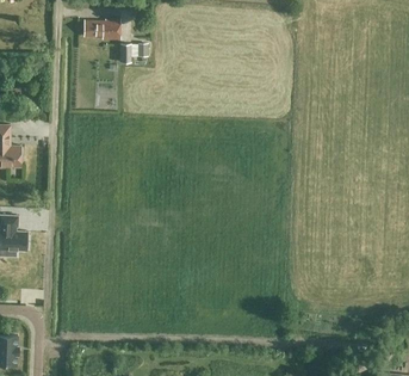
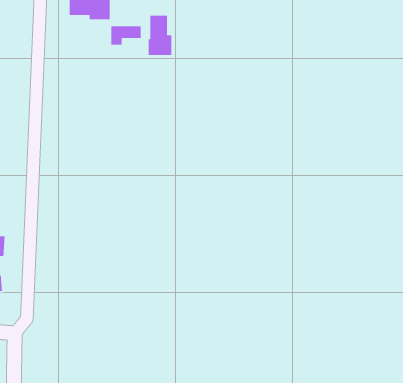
building: none -> [148,15,172,56]

